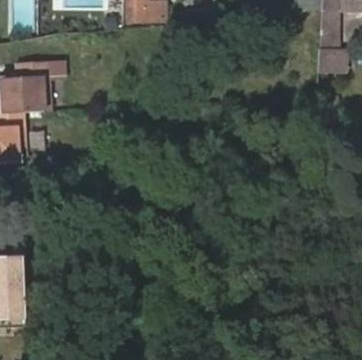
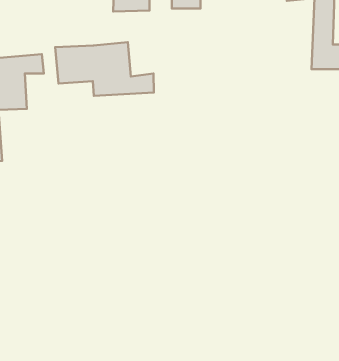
building: none -> [55,42,154,96]

